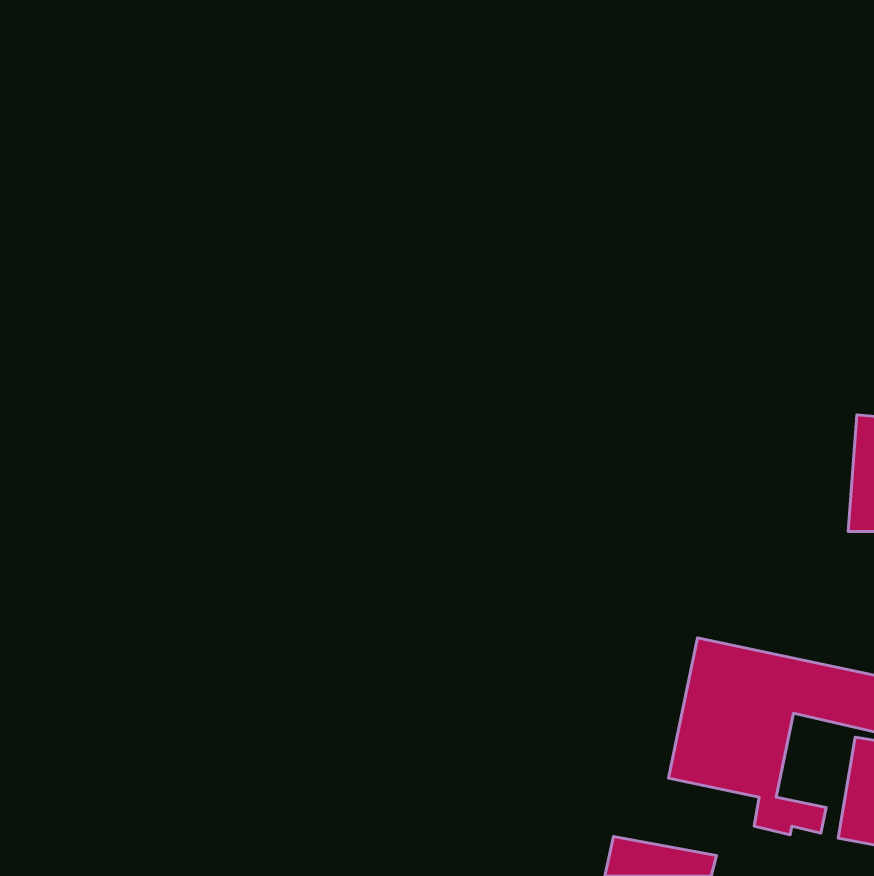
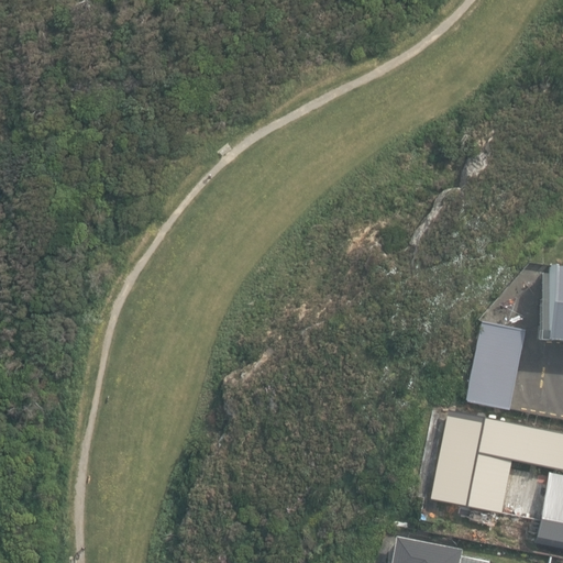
building: none -> [465,321,525,409]

